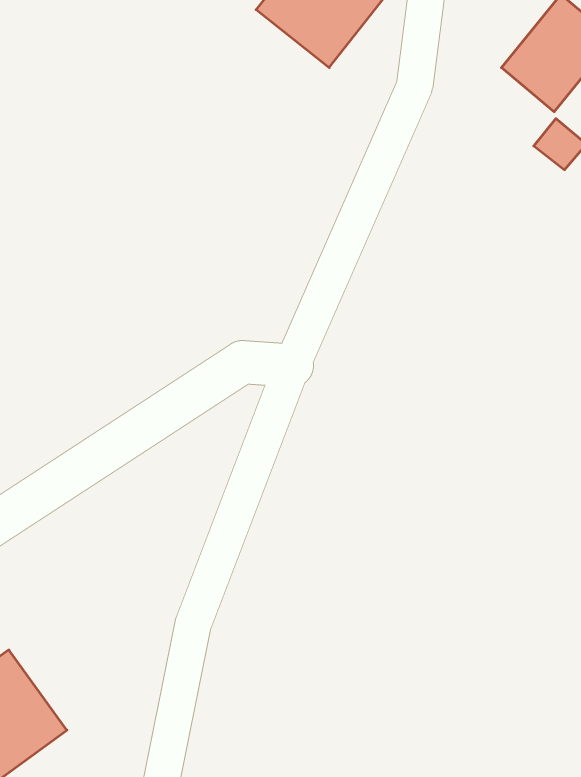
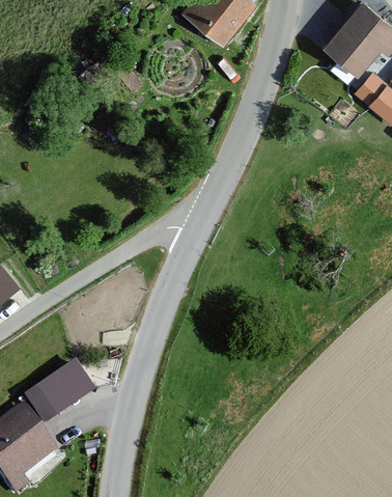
building: none -> [39,362,97,417]

